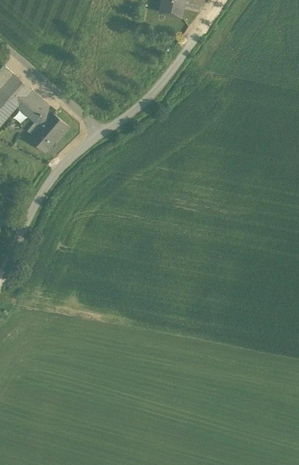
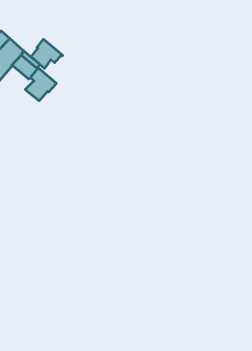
building: none -> [31,39,63,68]

